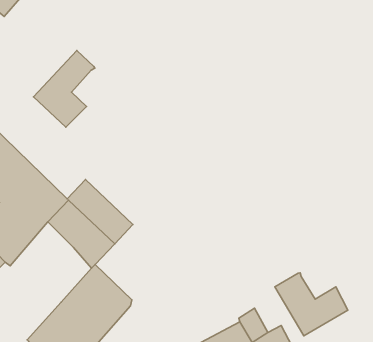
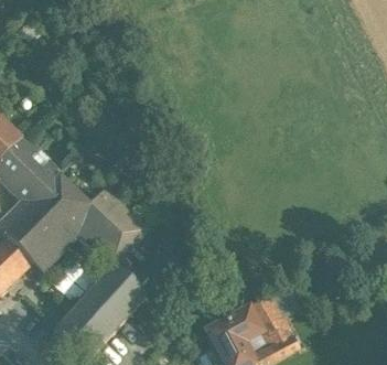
building: [34,50,95,127] -> none
building: [275,273,348,336] -> none

